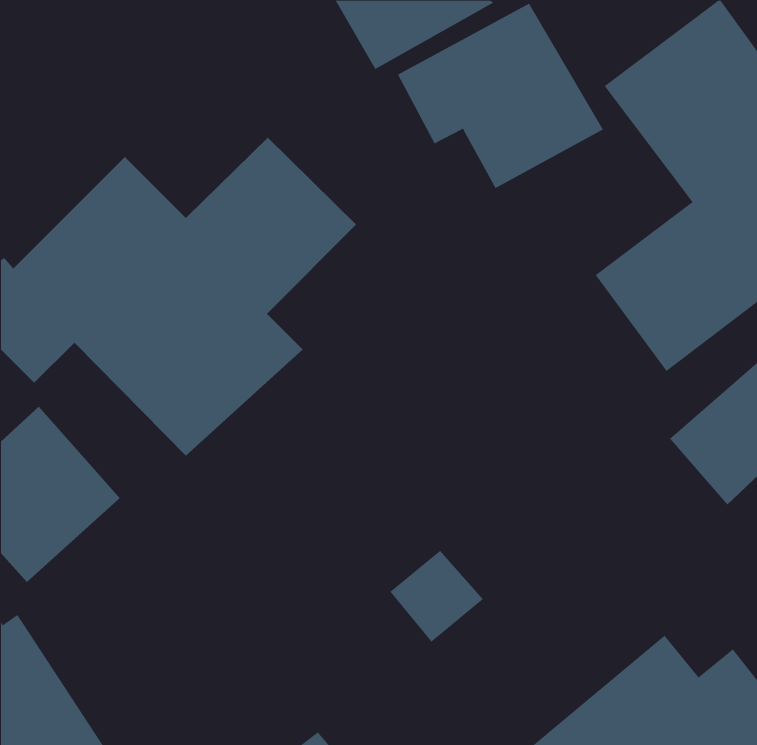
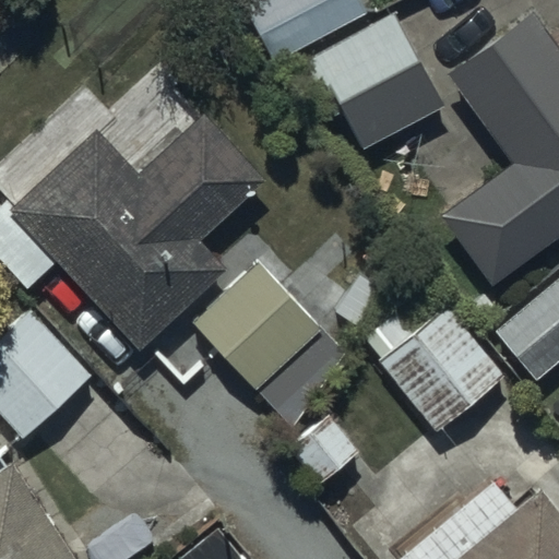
building: none -> [191,263,346,426]
building: none -> [378,305,504,433]

